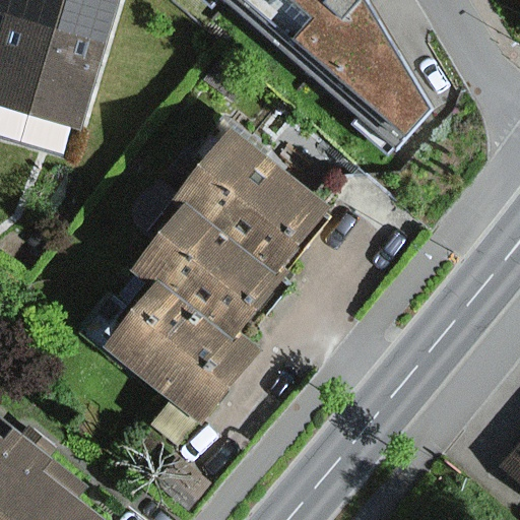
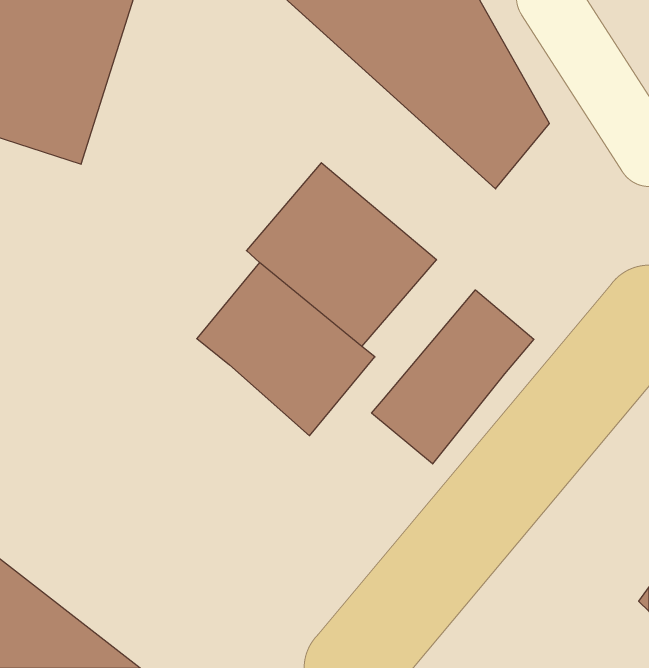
building: none -> [372,290,534,464]
building: [122,282,263,420] -> none

